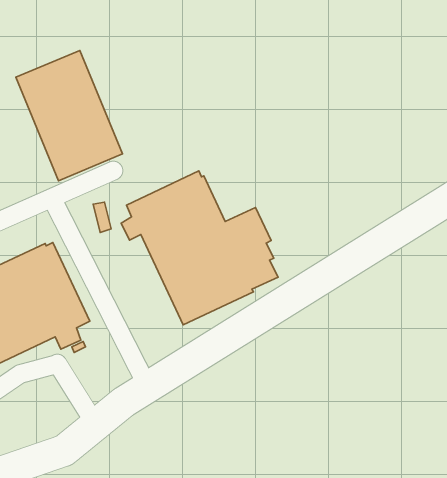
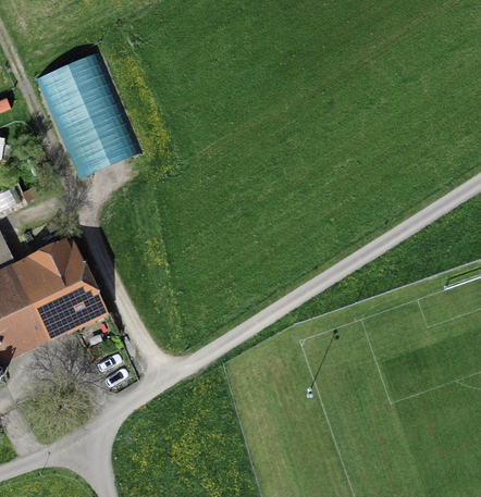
building: [121,171,278,325] -> none

